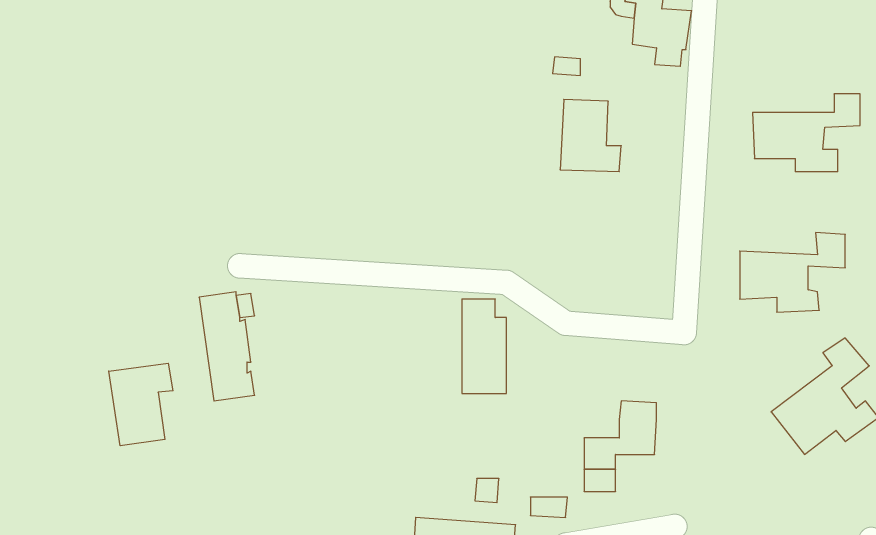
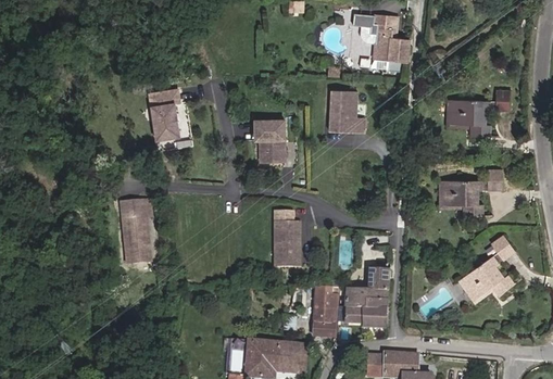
building: none -> [147,93,177,144]
building: none -> [253,121,285,163]
building: [109,363,173,446] -> none
building: none -> [314,286,337,317]
building: none -> [364,300,387,326]

